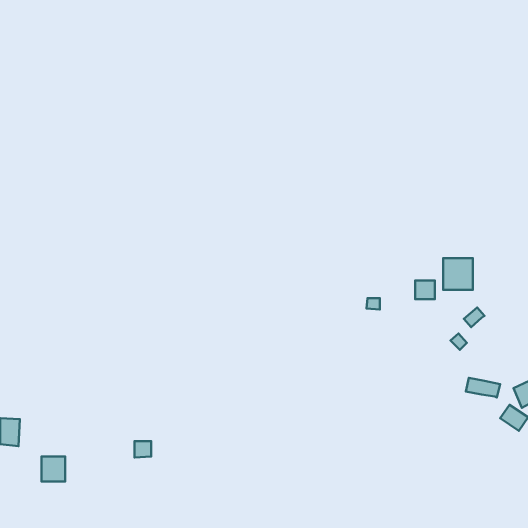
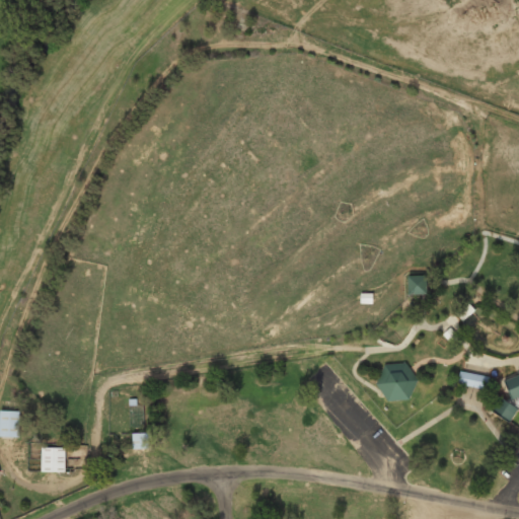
building: [443,258,473,290] -> none
building: none -> [375,362,418,400]

